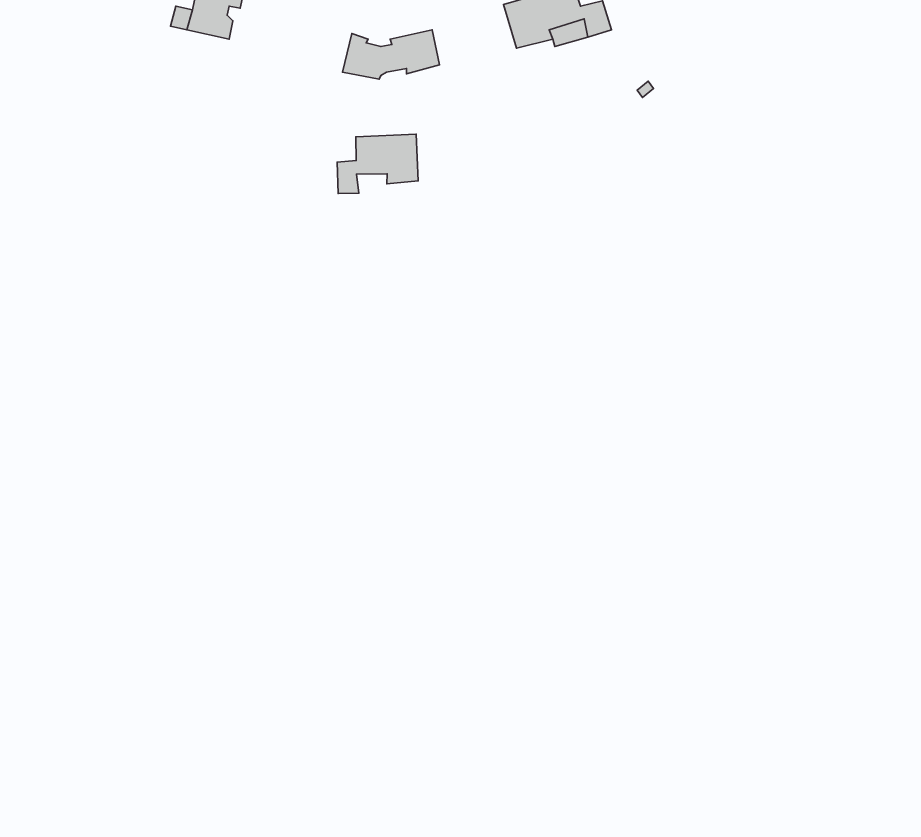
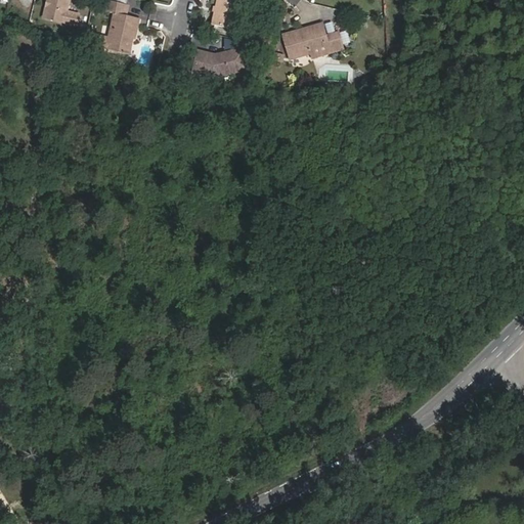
building: [337,134,418,194] -> none

